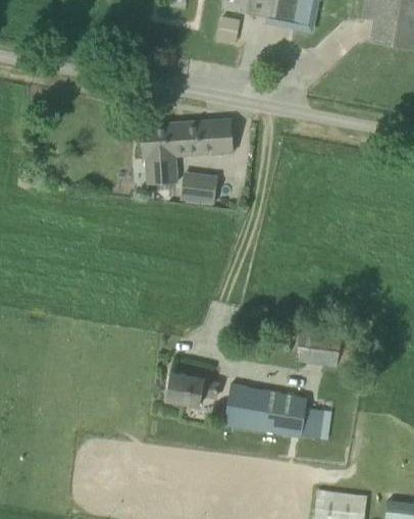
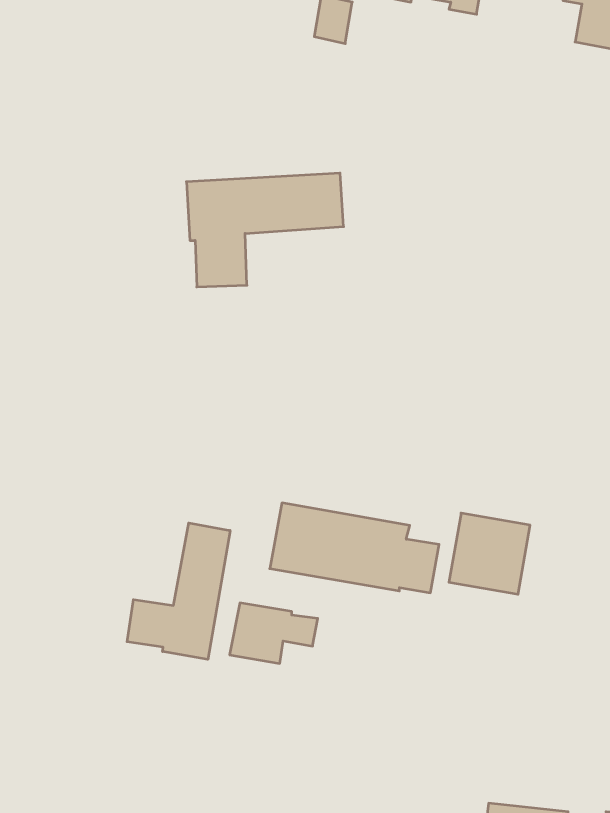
building: [182,174,217,204] -> none
building: none -> [127,523,230,659]
building: [225,385,325,438] -> [270,503,439,593]

